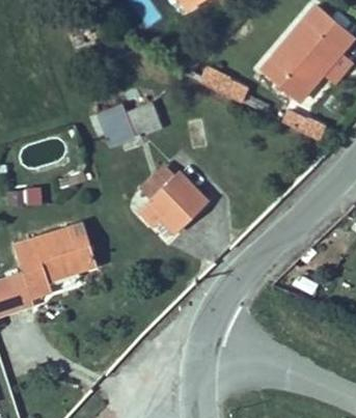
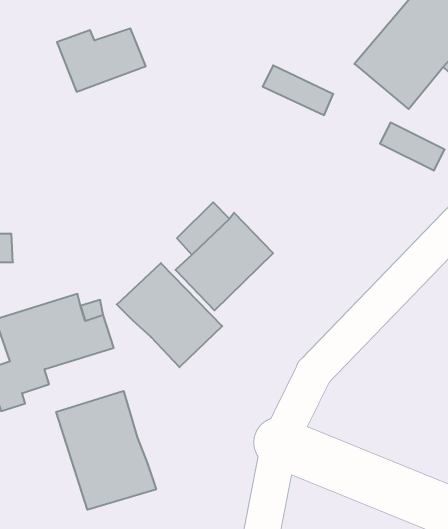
building: [100,104,161,147] -> [57,29,146,92]
building: none -> [117,263,222,367]
building: none -> [56,391,156,510]

